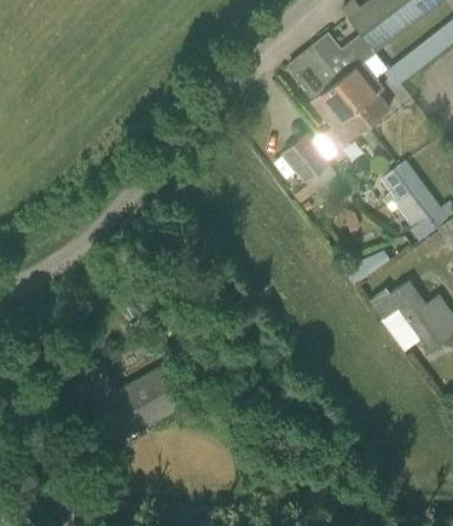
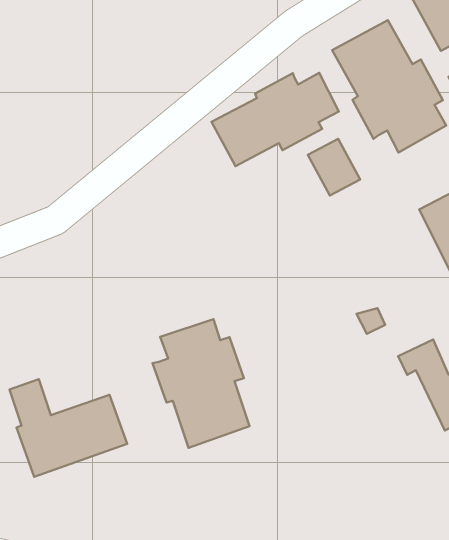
building: none -> [212,73,339,166]
building: none -> [153,319,250,448]

